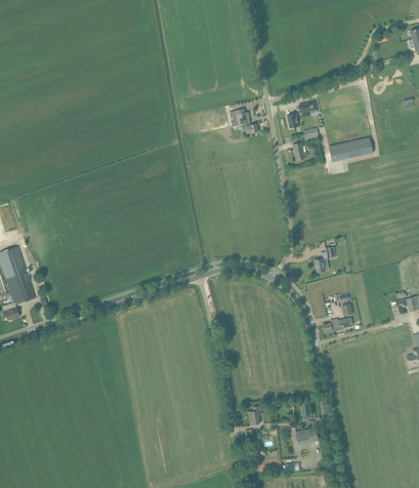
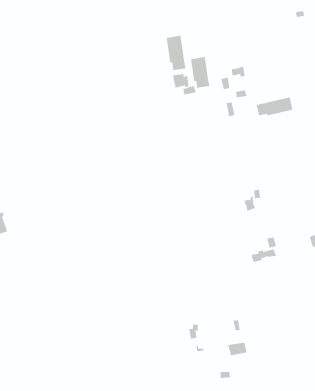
building: none -> [166,35,186,71]
building: none -> [190,56,210,89]

